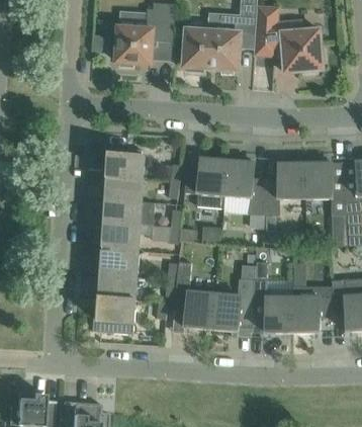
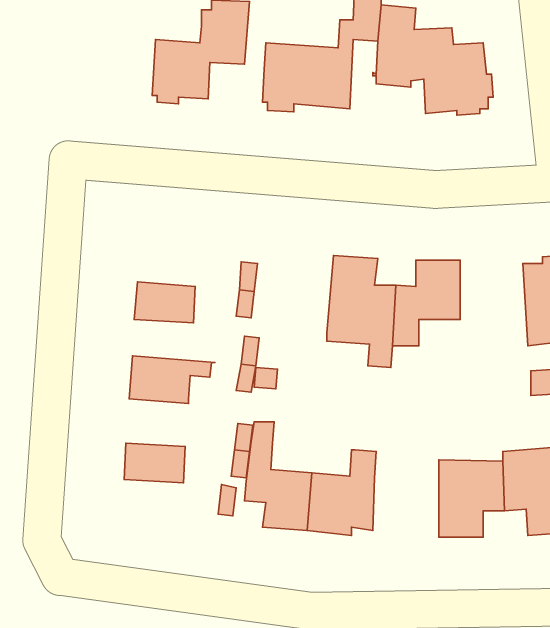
building: [106,148,144,178] -> none
building: [183,157,227,206] -> none
building: [304,162,346,228] -> none
building: [103,198,155,225] -> none
building: [99,247,138,276] -> none
building: [251,268,291,332] -> none
building: [91,296,134,333] -> none

